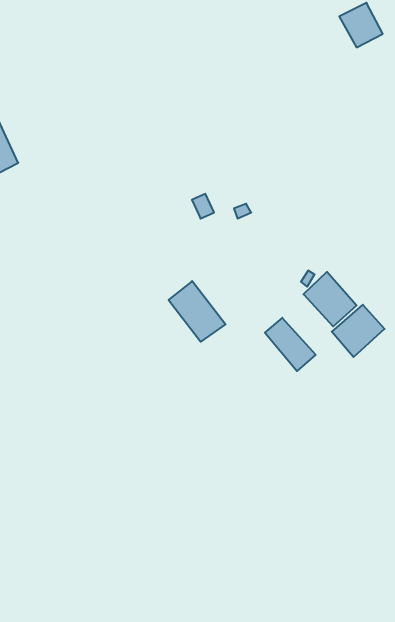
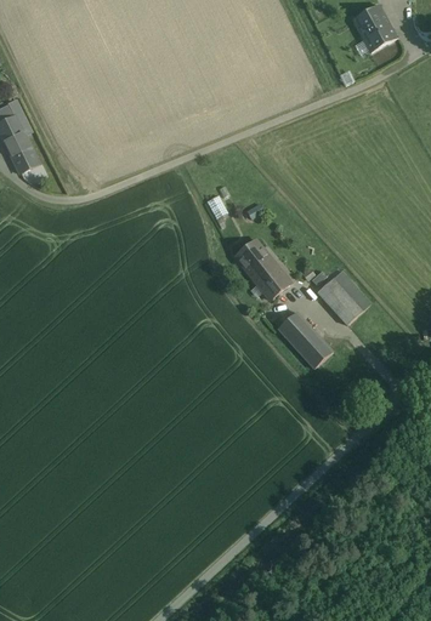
building: [169,281,226,342] -> [236,239,291,298]
building: [332,305,385,357] -> none

